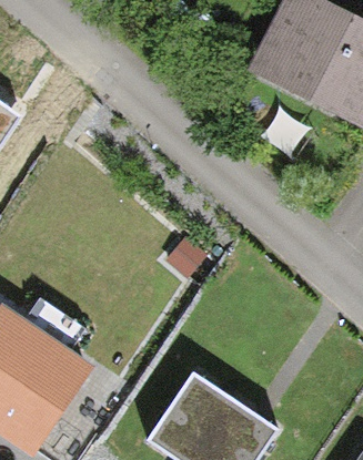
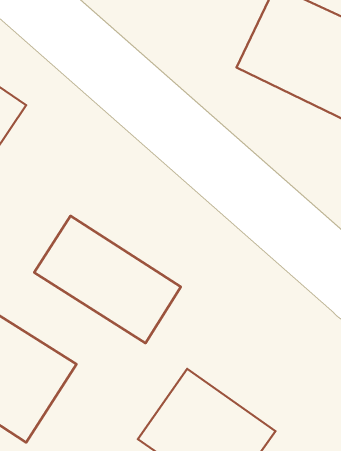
building: none -> [34,216,181,343]

